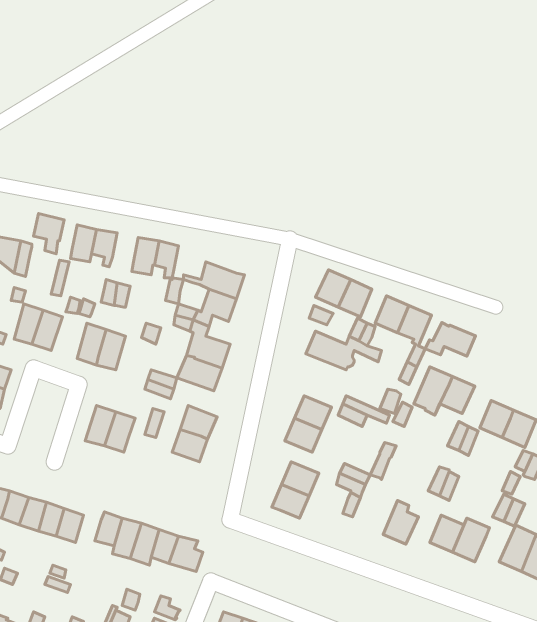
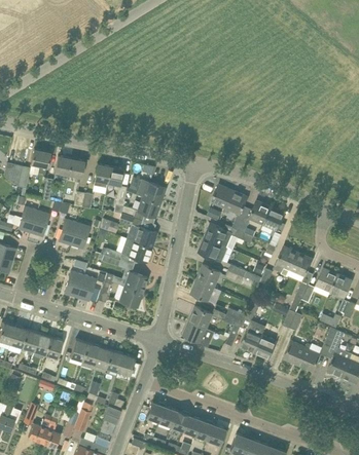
building: [425,322,476,356] -> none
building: none -> [199,238,230,262]
building: none -> [241,320,265,353]

